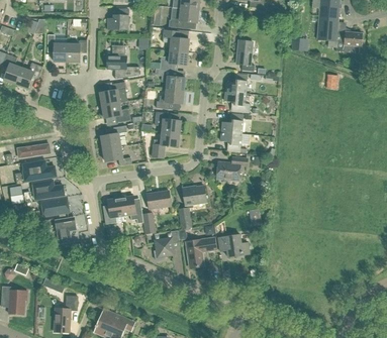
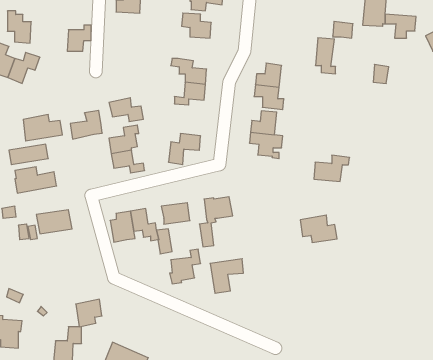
building: [46,35,67,63] -> [7,11,31,43]
building: [236,40,254,71] -> [315,38,336,74]
building: [106,45,126,70] -> none
building: [160,50,187,71] -> none
building: [99,82,126,106] -> [70,110,102,139]
building: [154,112,181,134] -> none
building: [216,157,247,180] -> [314,155,350,181]
building: [31,179,65,201] -> [23,115,62,141]
building: [54,216,76,239] -> [76,299,102,327]
building: [218,233,250,256] -> [300,215,337,242]

